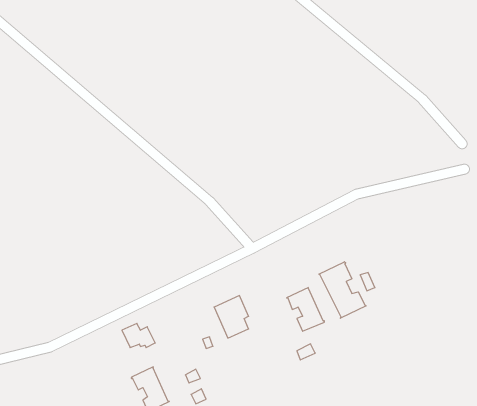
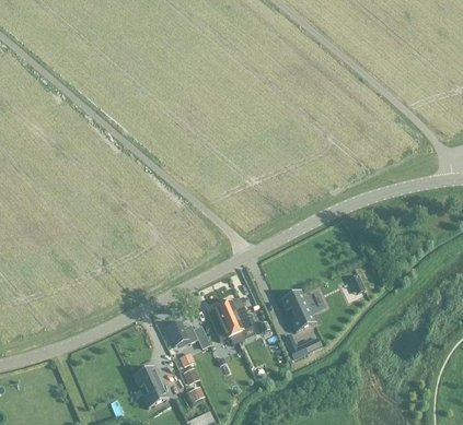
building: [319,262,366,318] -> none
building: [122,323,155,348] -> [166,320,198,343]

